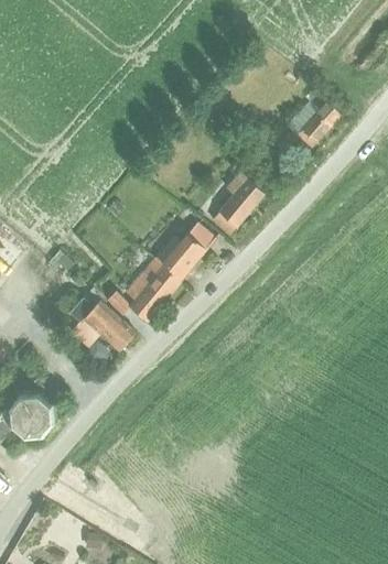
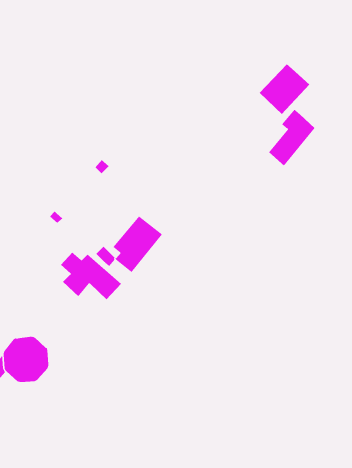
building: [212,172,263,235] -> [268,109,315,166]
building: [155,223,215,279] -> none

